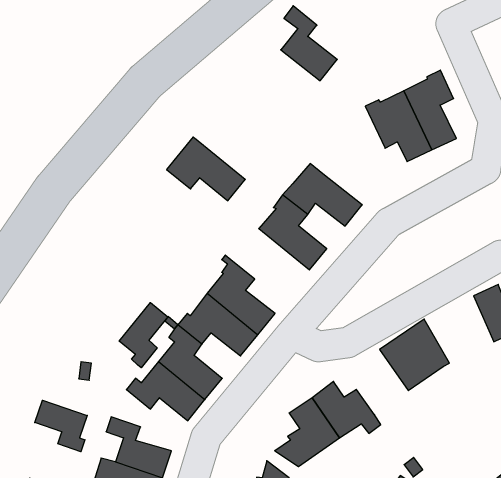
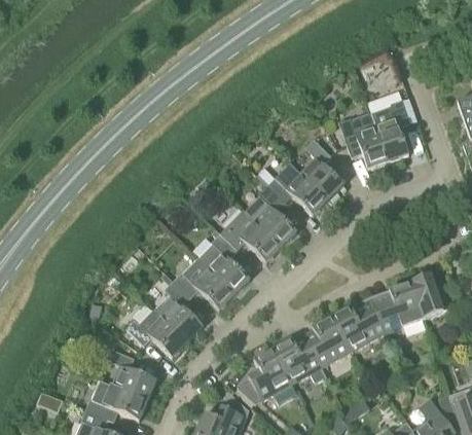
building: [281,6,337,81] -> [301,138,346,200]
building: [167,137,245,201] -> [221,209,283,262]
building: none -> [370,281,424,332]
building: [119,303,168,368] -> none
building: none -> [311,316,352,367]
building: [35,400,87,452] -> none

